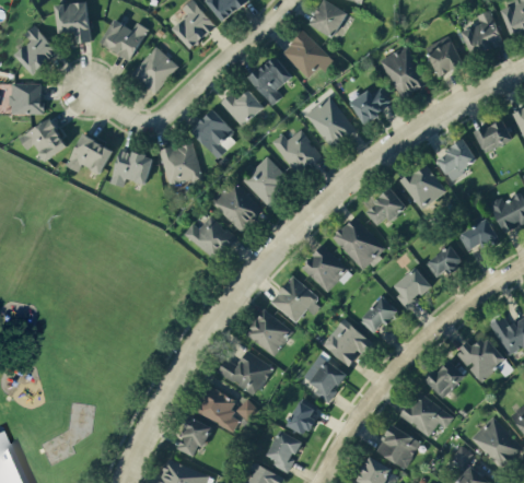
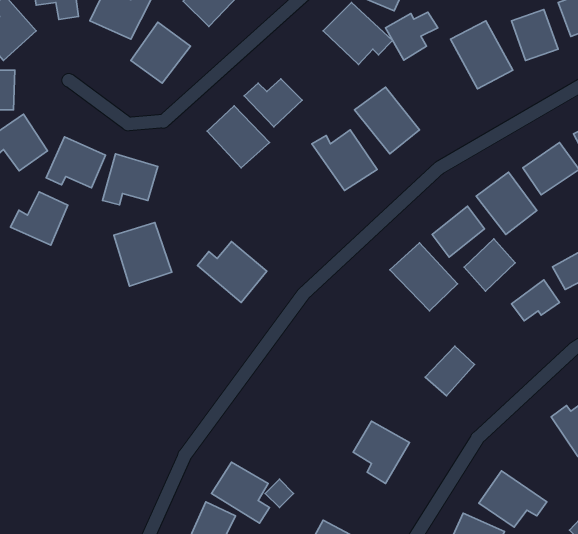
building: [248,56,291,106] -> none
building: [349,89,389,126] -> [385,12,438,60]
building: [158,139,202,188] -> [114,223,172,286]
building: [242,156,290,204] -> none
building: none -> [10,192,68,245]
building: [210,179,263,232] -> none
building: [300,245,349,294] -> none
building: [392,267,431,307] -> [464,239,515,291]
building: [270,276,323,322] -> none
building: [244,308,291,355] -> none
building: [322,319,373,365] -> none
building: [217,350,272,397] -> none
building: [426,360,465,398] -> none
building: [286,400,317,435] -> none

